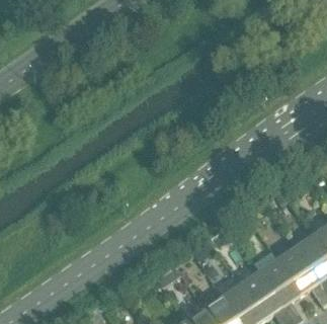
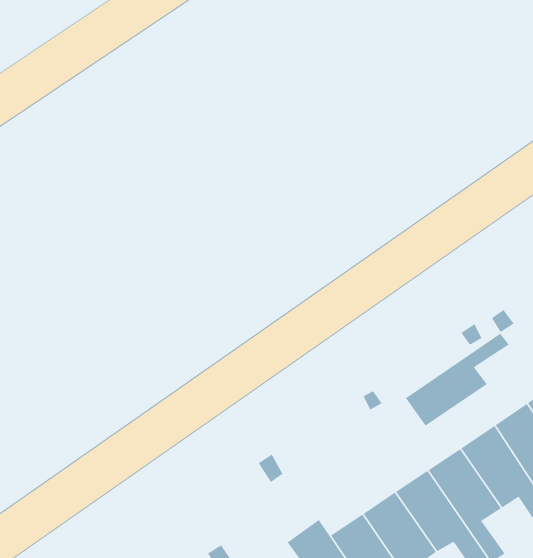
building: none -> [405,333,509,427]

